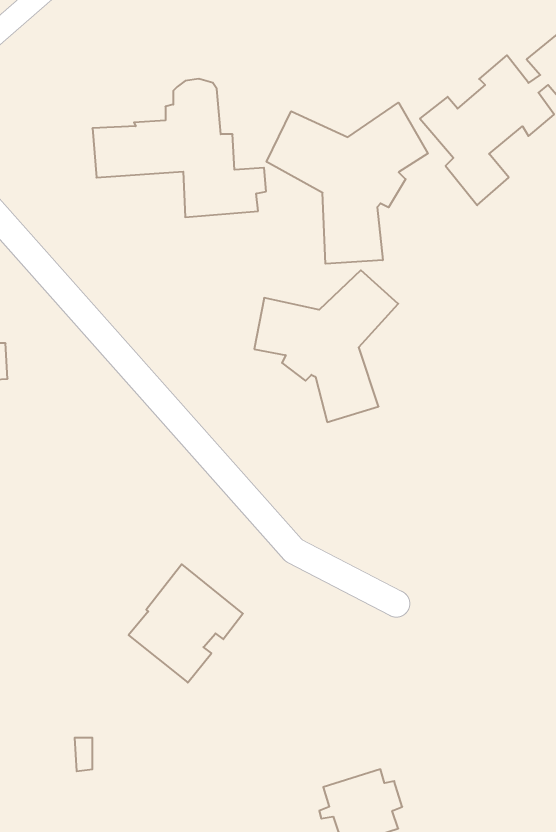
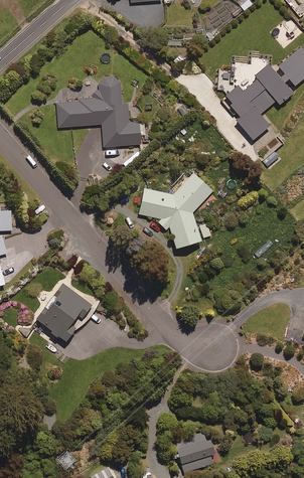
building: [267,103,428,264] -> none
building: [129,564,243,683] -> [37,283,96,343]

